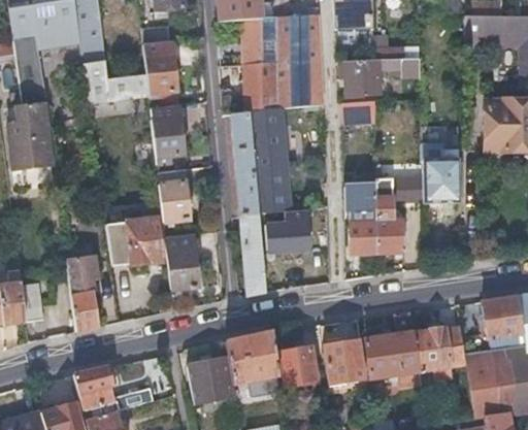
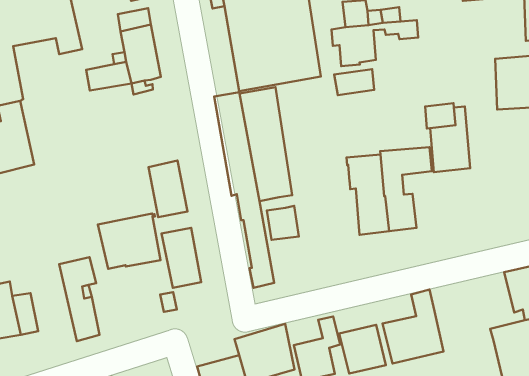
building: [82,59,110,100] -> none
building: [151,106,185,158] -> none
building: [415,325,467,378] -> none

